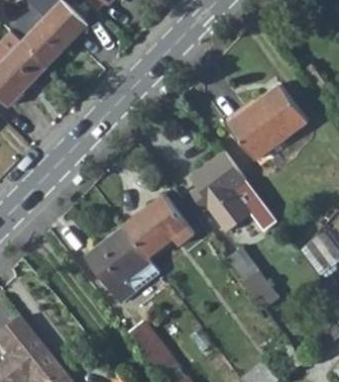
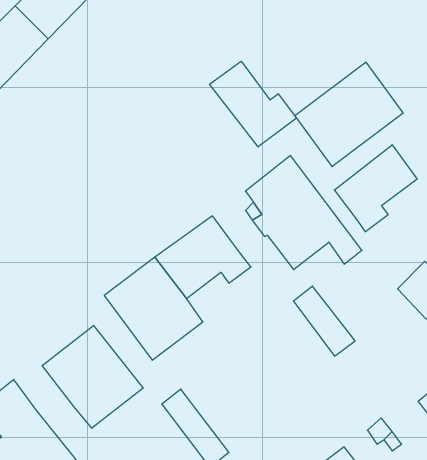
building: none -> [210,61,297,147]
building: none -> [334,145,417,232]
building: none -> [42,325,143,428]

